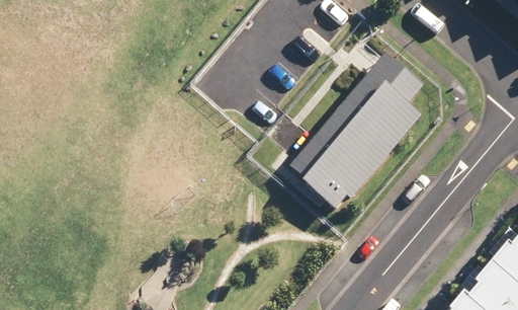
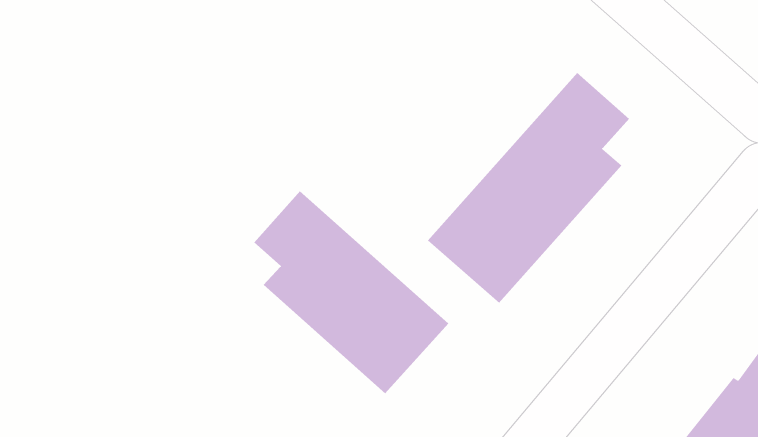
building: none -> [253,191,449,394]

